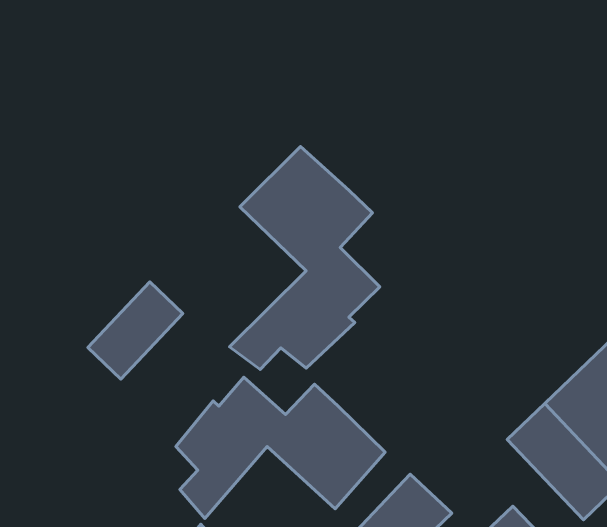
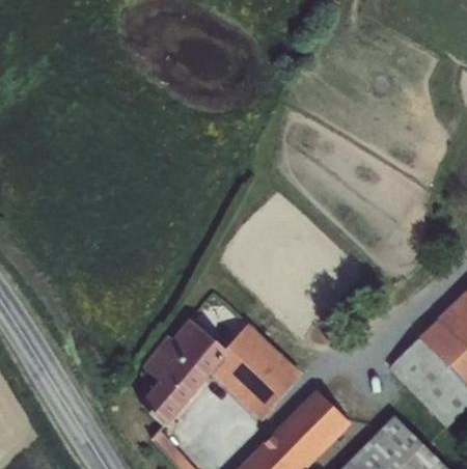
building: [229,146,380,369] -> none
building: [88,282,183,379] -> none

